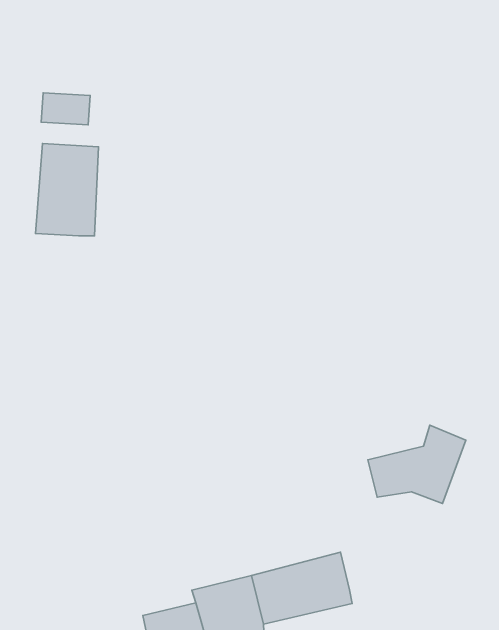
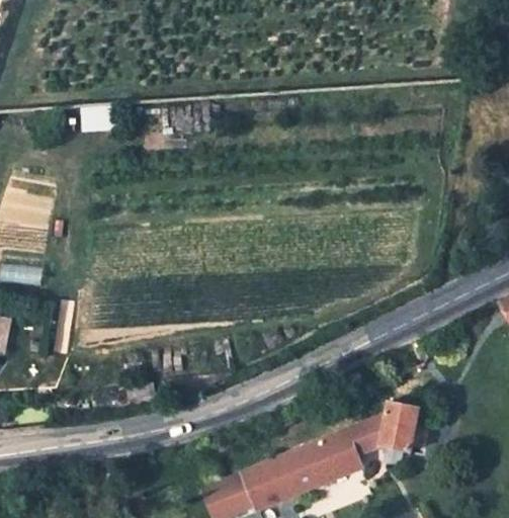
building: [36,144,99,236] -> none
building: [368,425,466,504] -> [346,398,418,456]

